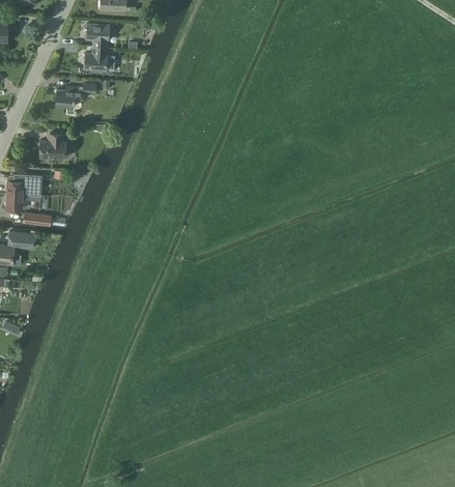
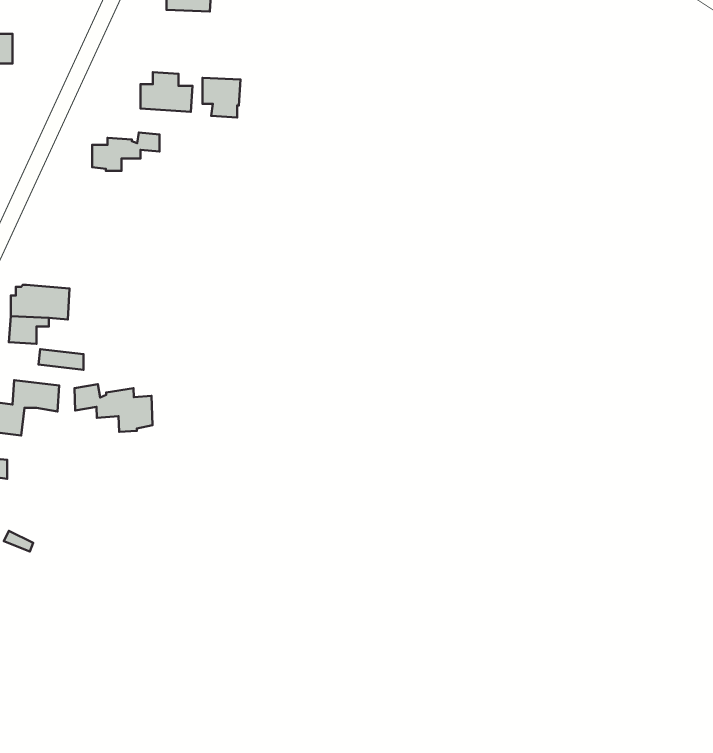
building: [87,23,110,47] -> [202,78,241,118]
building: [39,132,67,156] -> none
building: none -> [74,384,152,432]

